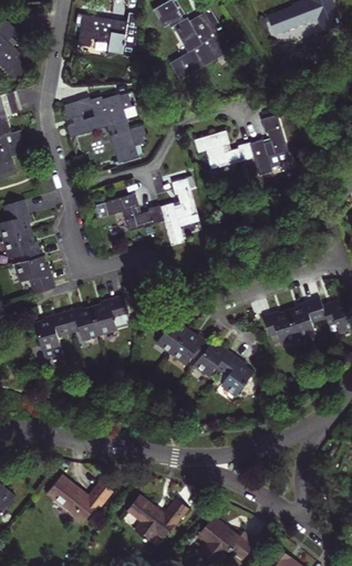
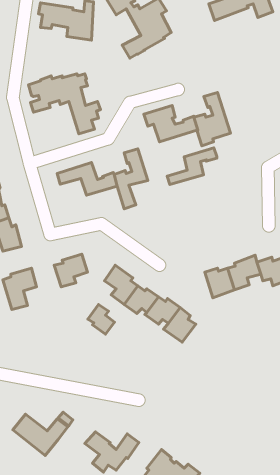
building: none -> [167,148,217,184]
building: [68,308,101,338] -> none
building: none -> [88,304,115,334]

